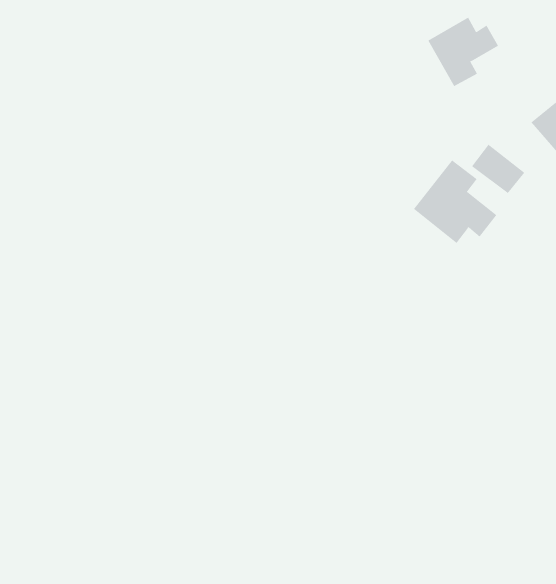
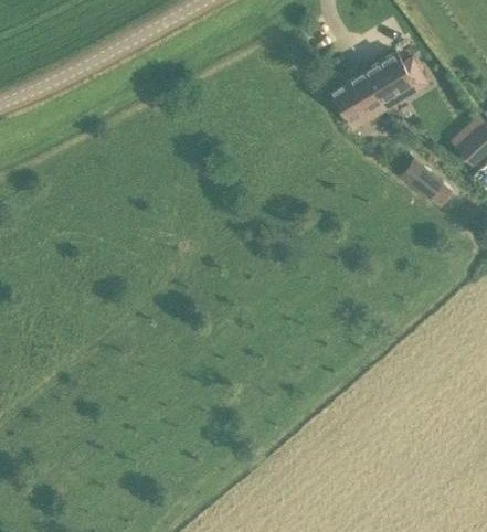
building: none -> [331,72,387,130]
building: [413,159,497,244] -> none

